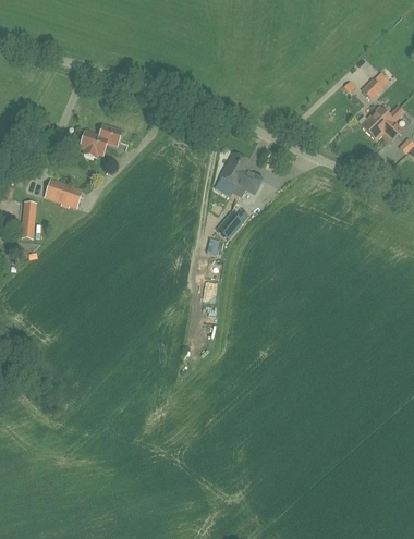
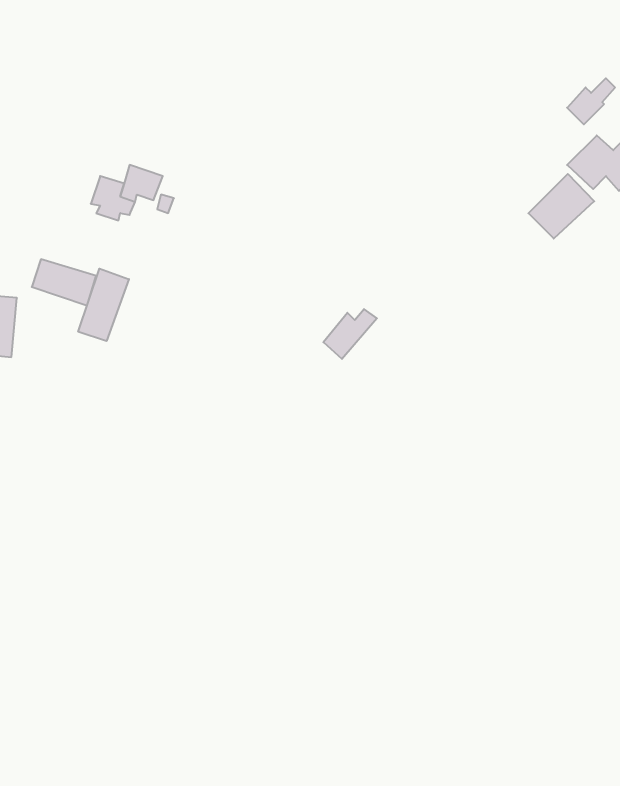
building: none -> [528,174,594,239]
building: [215,154,261,197] -> none
building: none -> [78,269,129,341]

